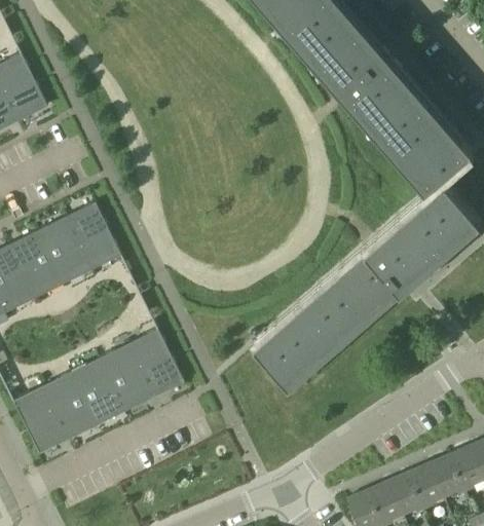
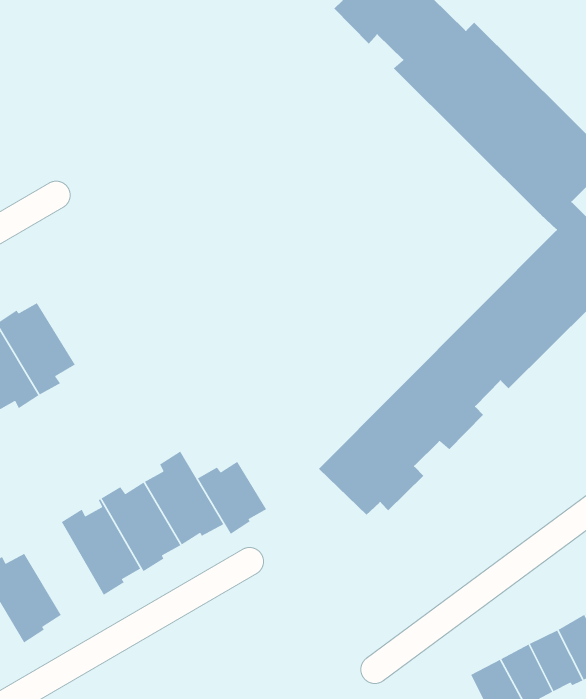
building: [66,202,121,265] -> none
building: none -> [197,461,267,535]
building: [44,373,97,438] -> none

